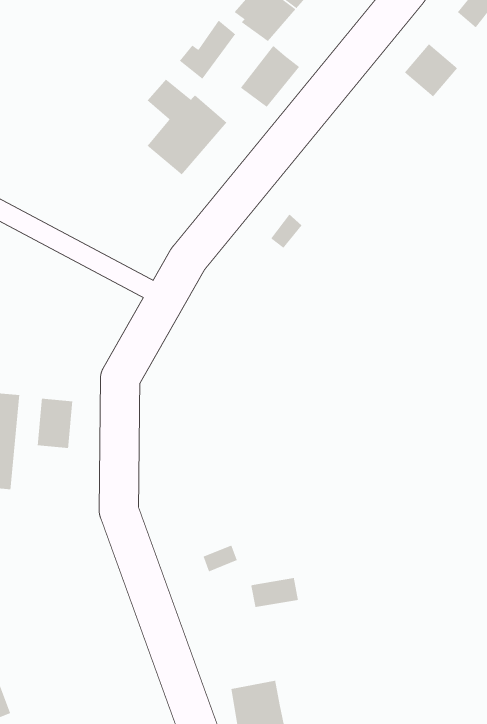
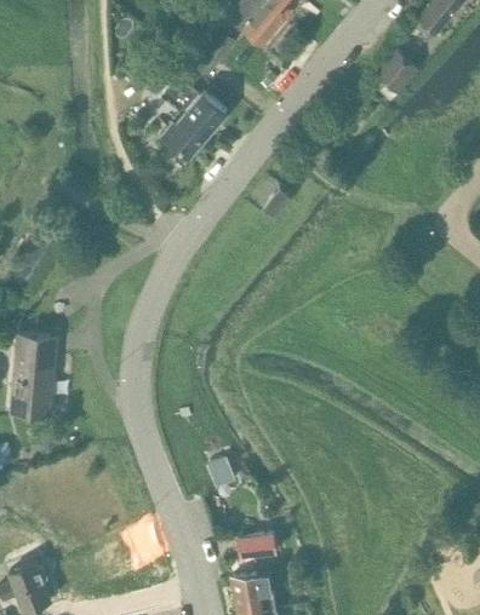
building: [240,45,300,108] -> none
building: [37,398,73,449] -> none
building: [250,577,299,608] -> [238,534,278,559]

